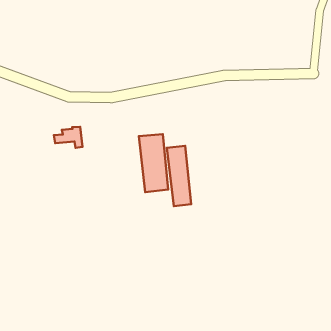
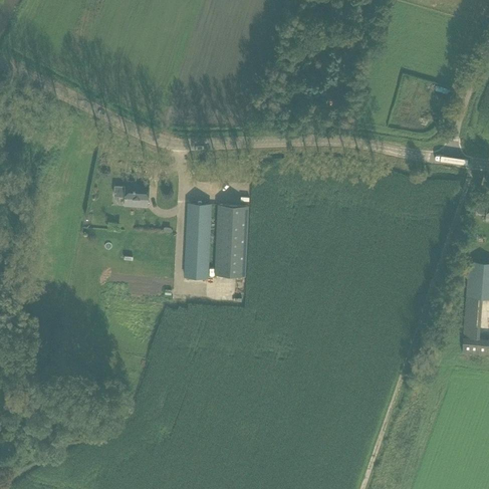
building: [167,146,191,206] -> [184,204,210,278]

